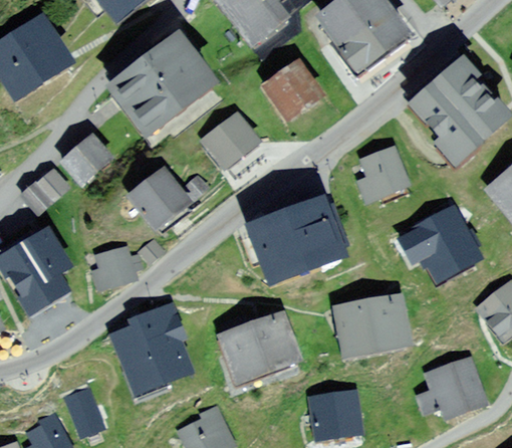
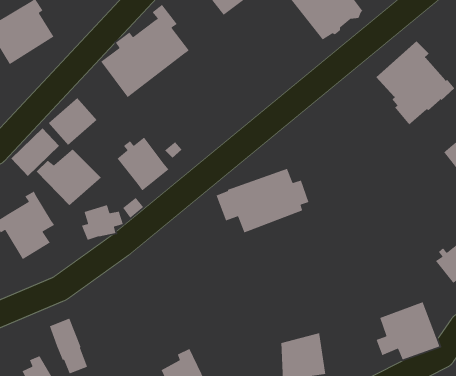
building: [264,61,321,119] -> none
building: [204,116,256,166] -> none
building: [358,149,406,203] -> none
building: none -> [36,148,102,206]
building: [401,212,478,277] -> none
building: [339,299,406,354] -> none
building: [115,305,186,389] -> none
building: [224,314,295,379] -> none

